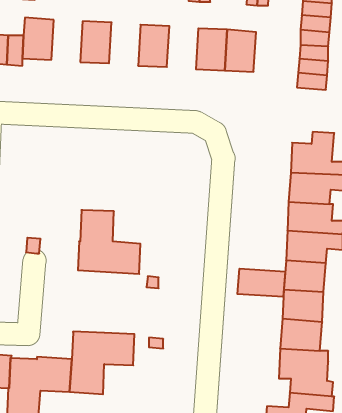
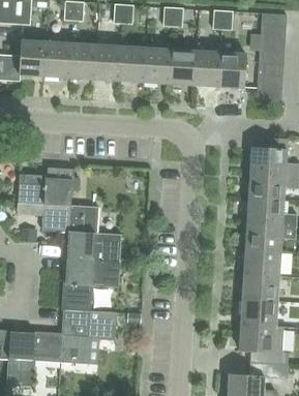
building: none -> [44,41,71,78]
building: none -> [94,43,121,81]
building: none -> [144,47,171,84]
building: none -> [218,52,245,88]
building: none -> [18,167,73,232]
building: [237,269,285,297] -> none
building: none -> [61,256,120,310]

